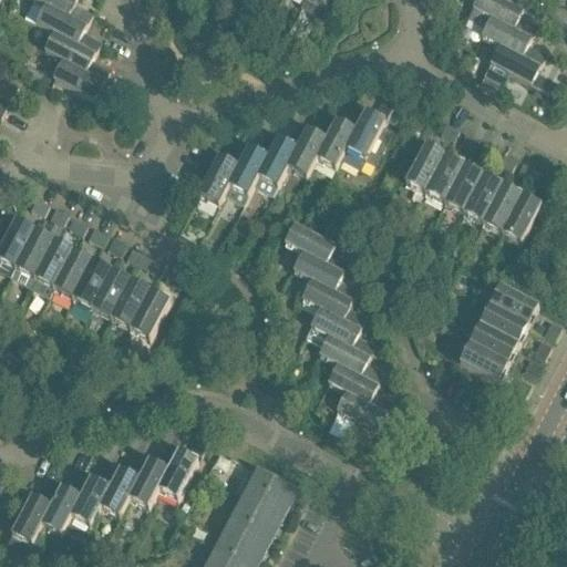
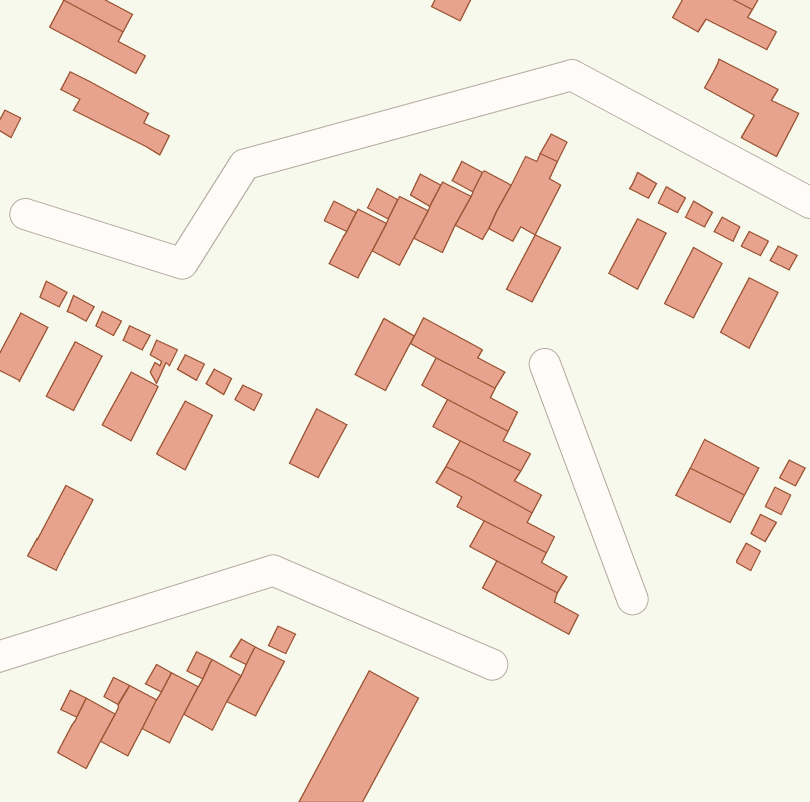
building: [478,13,545,62] -> none
building: [43,29,109,79] -> none
building: [404,143,442,189] -> [506,235,561,302]
building: [197,152,238,202] -> [355,319,414,390]
building: [442,162,481,210] -> none
building: [481,183,519,230] -> none
building: [7,227,52,286] -> [28,486,93,570]
building: [51,247,91,295] -> none
building: [91,268,128,315] -> none
building: [488,284,537,324] -> none
building: [128,288,168,336] -> [289,409,347,477]
building: [446,337,506,381] -> none
building: [6,493,50,551] -> none

